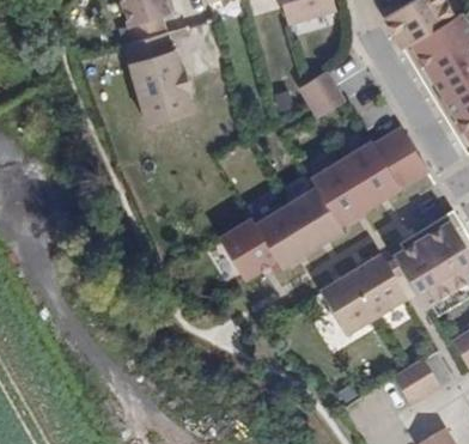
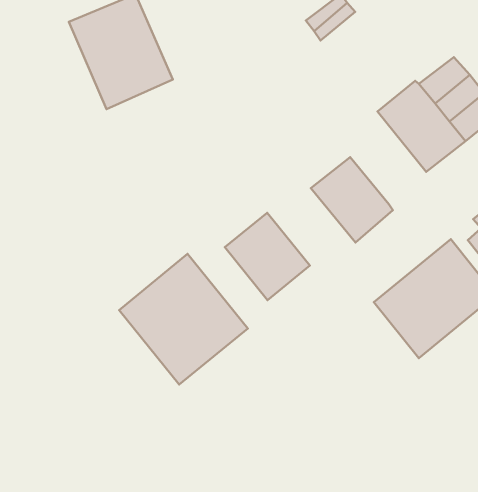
building: [310,157,370,224] -> none
building: [256,205,312,266] -> none
building: none -> [119,254,248,385]

